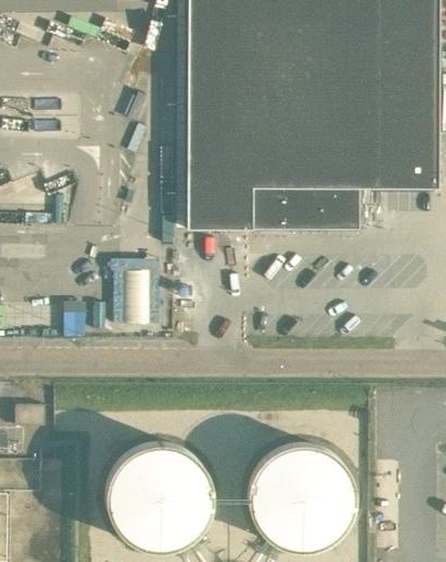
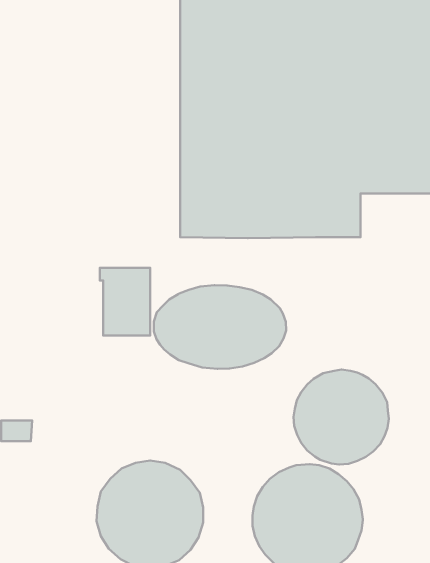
building: none -> [154,285,286,369]
building: none -> [294,370,389,465]

